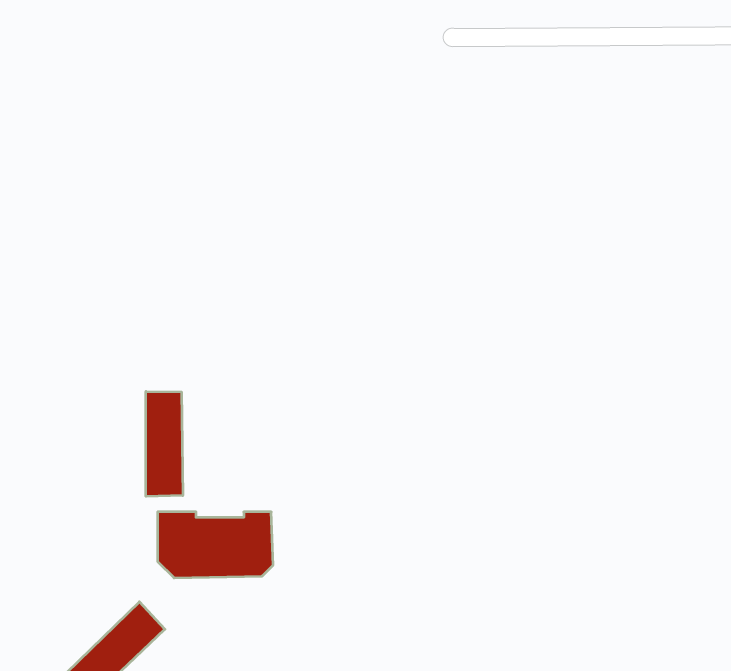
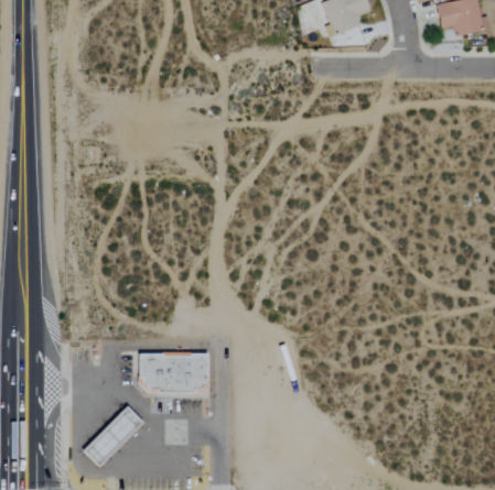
building: [146,391,183,496] -> none

